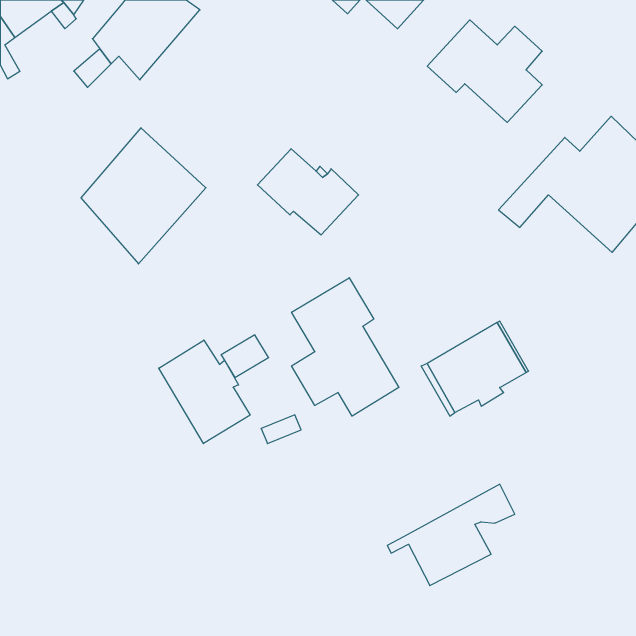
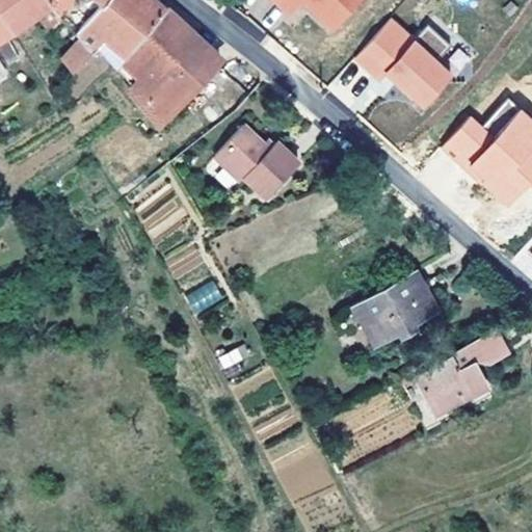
building: [81,128,206,264] -> [118,10,222,124]
building: [292,278,399,416] -> none
building: [159,340,250,444] -> none
building: [387,484,515,586] -> [402,328,508,413]

